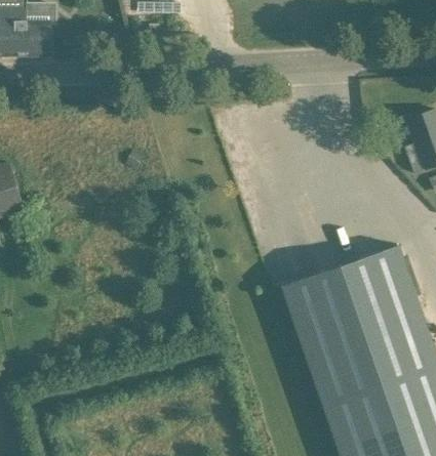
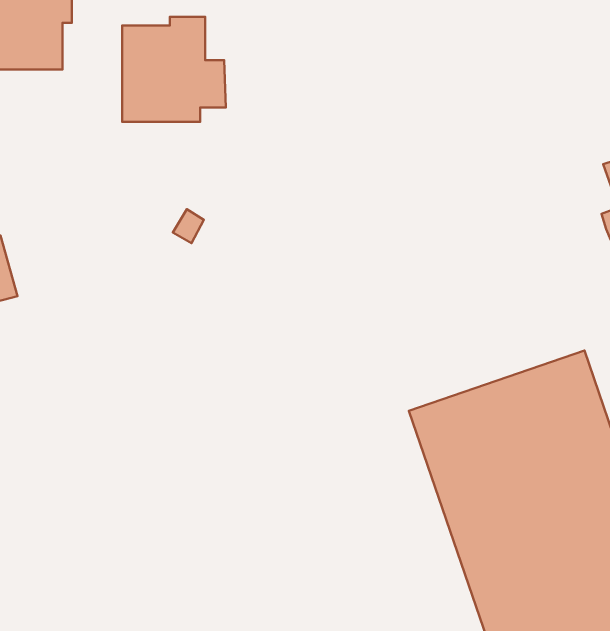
building: none -> [122,17,226,122]

